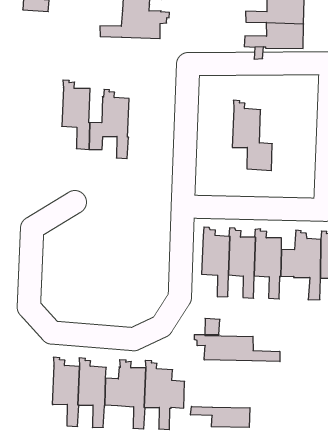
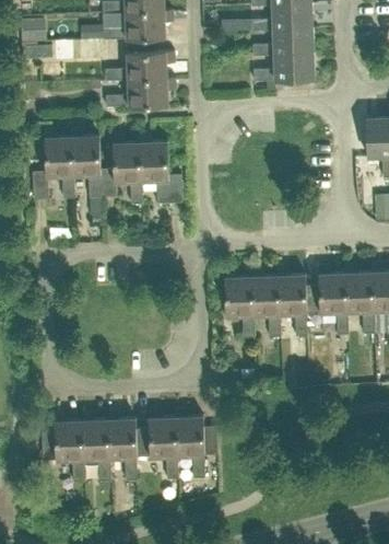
building: none -> [106,79,176,108]
building: none -> [33,129,74,200]
building: [232,100,272,171] -> [139,135,182,204]
building: [194,334,280,362] -> none
building: none -> [42,414,84,483]
building: [191,406,250,427] -> none

